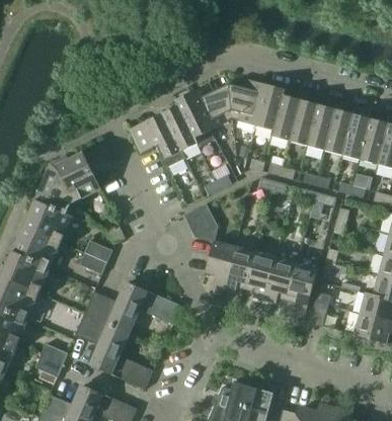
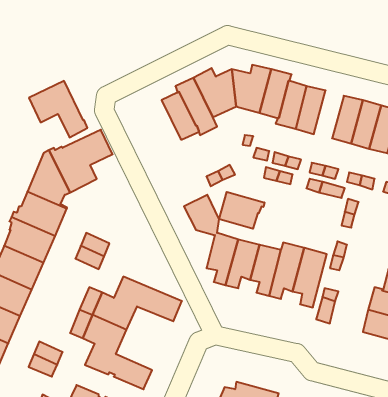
building: [307,104,335,150] -> none
building: [129,113,184,167] -> [29,81,87,137]
building: none -> [219,192,264,229]

